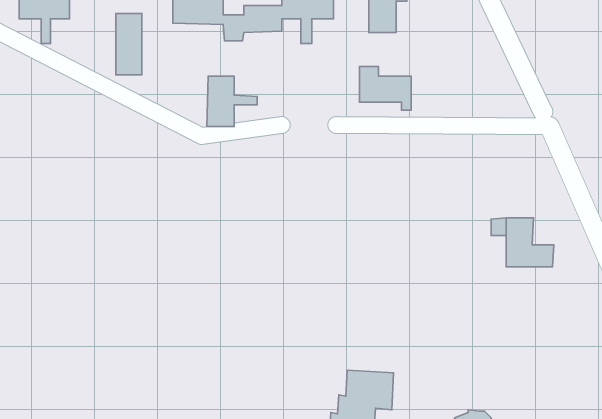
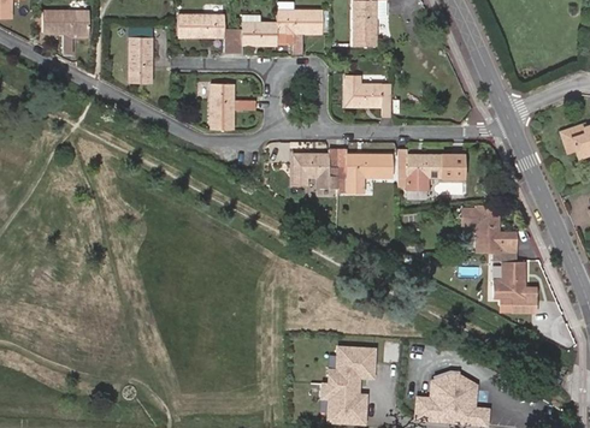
building: none -> [290,149,390,194]
building: none -> [397,150,462,198]
building: none -> [492,252,536,314]

